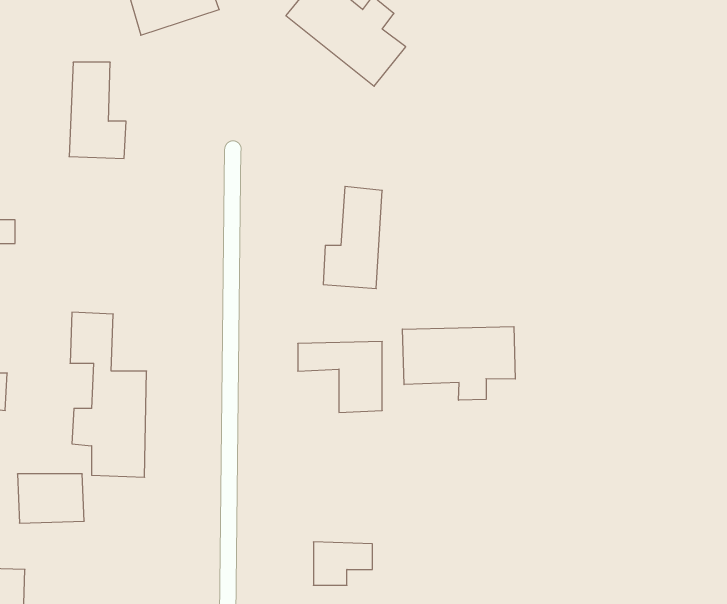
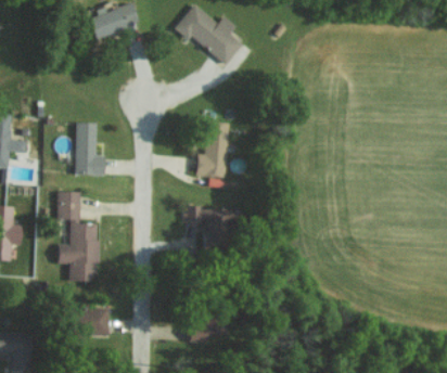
building: [69,62,126,158] -> [74,124,105,177]
building: [402,327,515,400] -> none
building: [17,474,84,523] -> [72,309,108,336]

